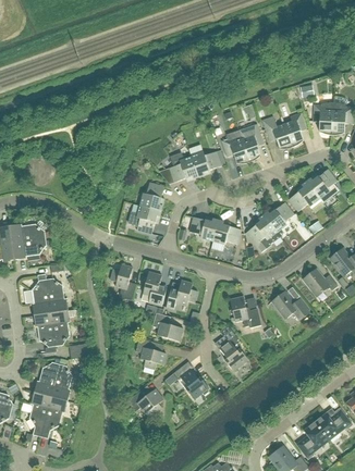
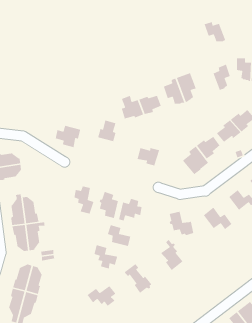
building: [264,122,292,148] -> [204,21,226,42]
building: [127,204,160,234] -> [55,125,81,148]
building: [211,220,241,244] -> none

